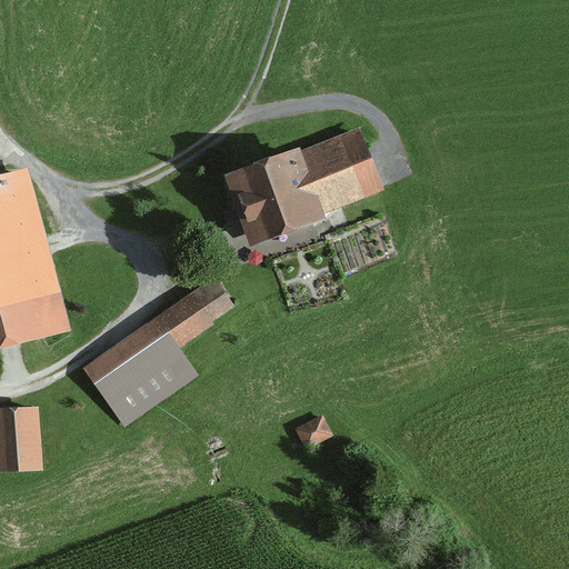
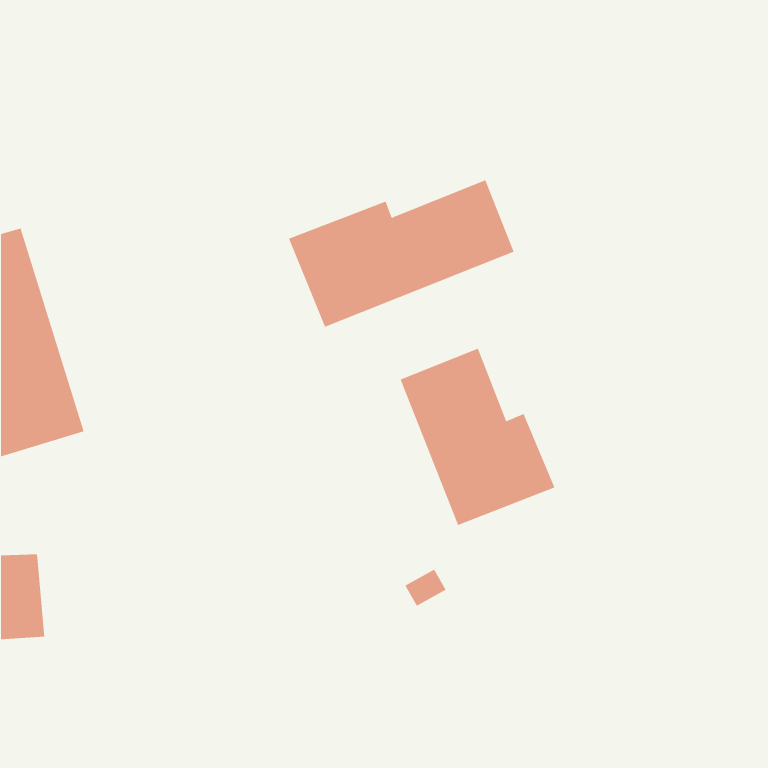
building: none -> [400,348,555,526]
building: [84,277,236,427] -> none

